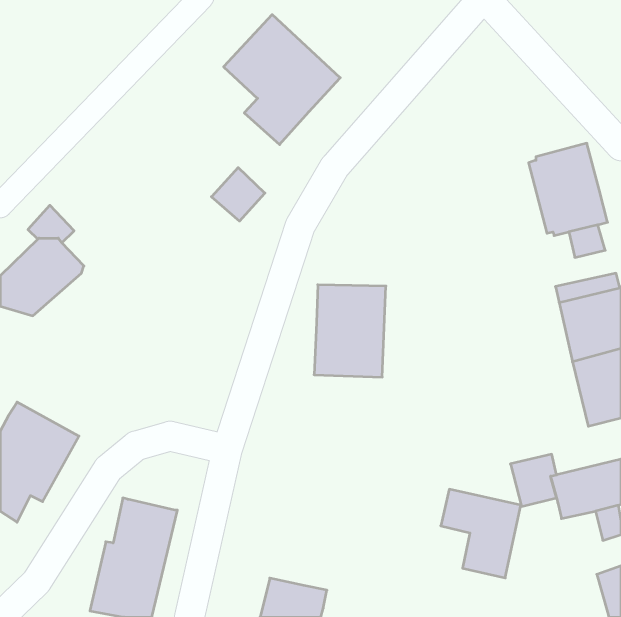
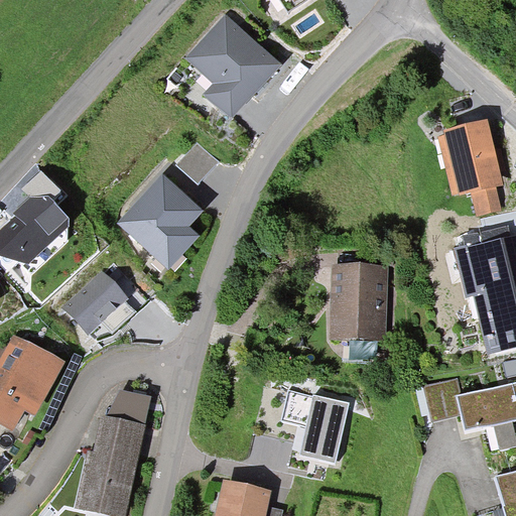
building: none -> [118,174,204,270]
building: [314,285,386,377] -> [330,264,389,341]
building: none -> [60,263,134,336]
building: none -> [106,388,151,423]
building: [441,489,521,578] -> [282,389,349,463]

